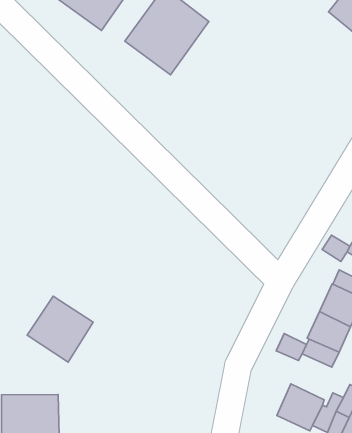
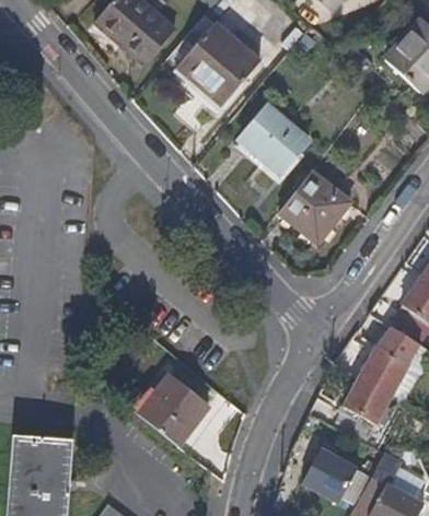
building: none -> [236,105,311,180]
building: none -> [283,168,357,242]
building: [27,296,93,362] -> [137,374,208,445]

